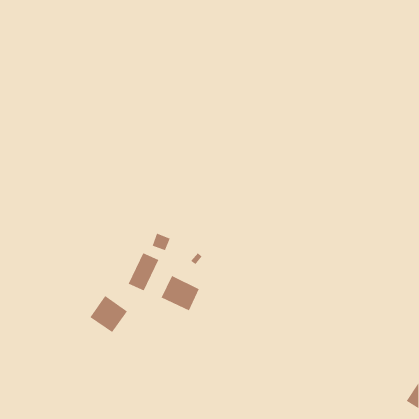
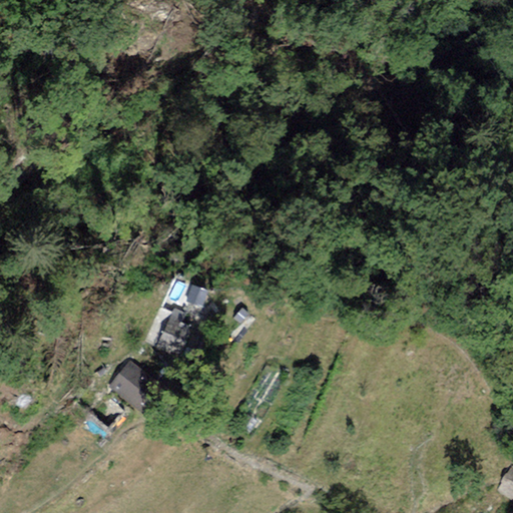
building: [161,275,199,311] -> none

